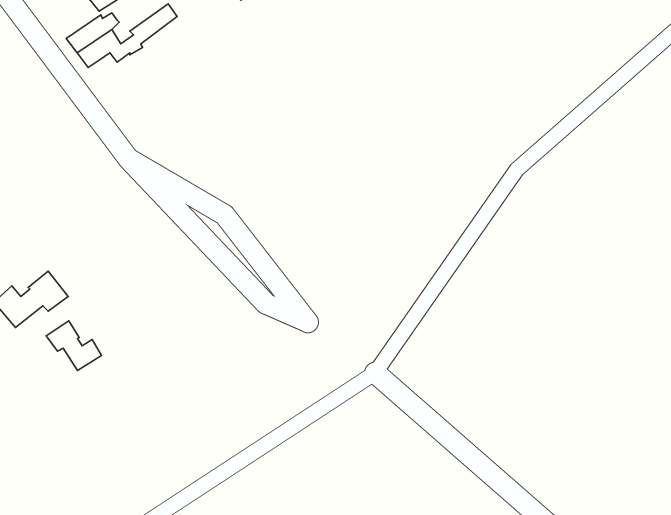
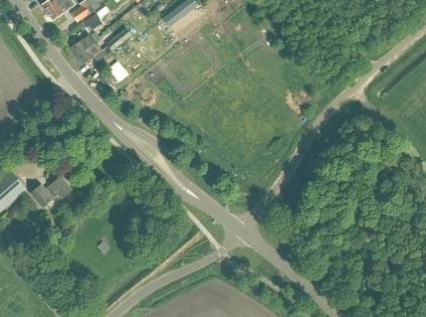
building: [46,321,101,370] -> none

